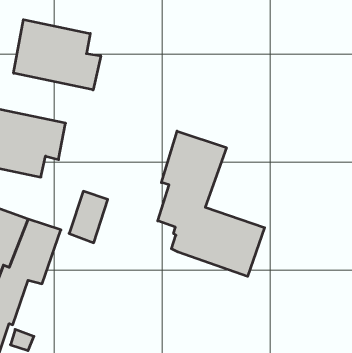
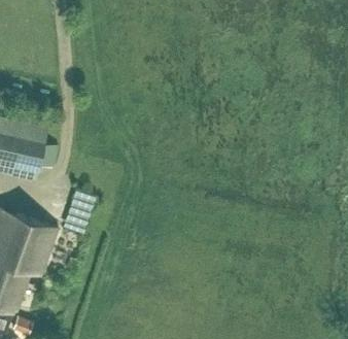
building: [14,20,101,90] -> none
building: [158,131,265,276] -> none

